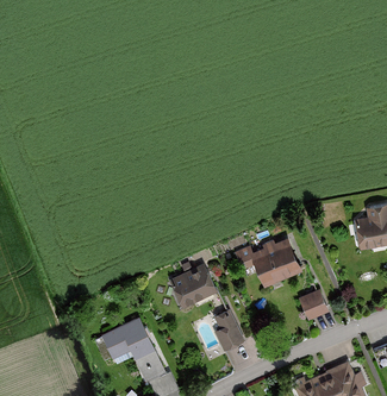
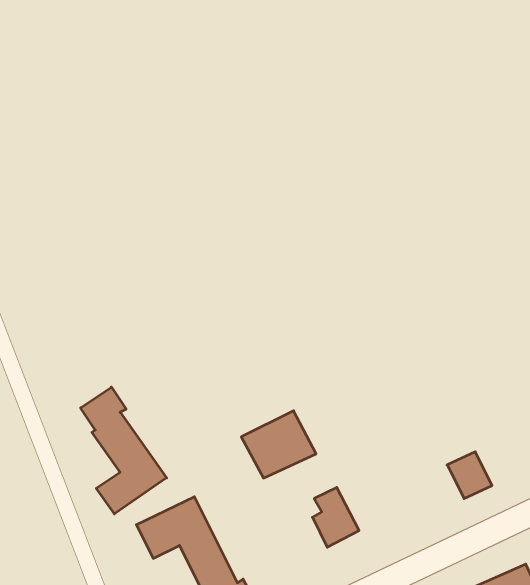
building: [236,235,302,287] -> none
building: none -> [81,387,167,514]

